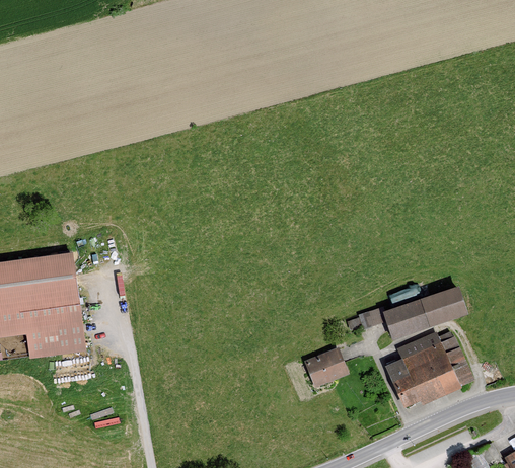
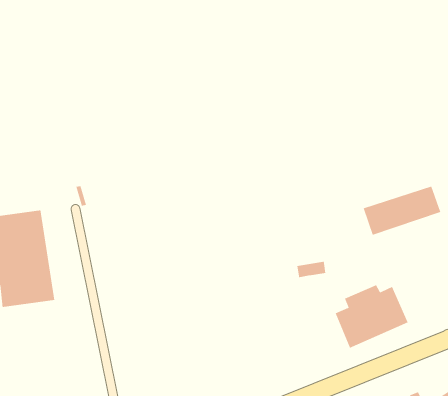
building: [381,287,466,340] -> [363,186,441,235]
building: [306,348,347,385] -> none

